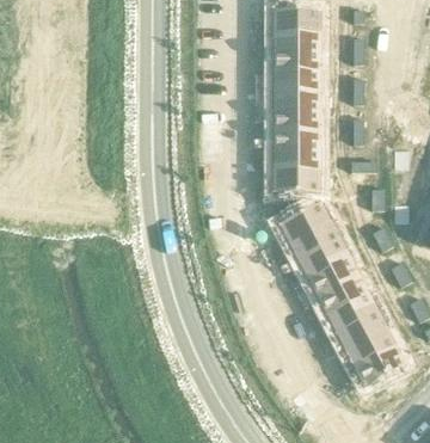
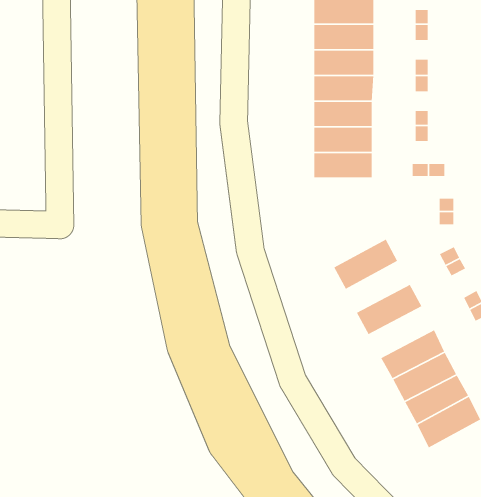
building: [265,159,312,179] -> none
building: [270,187,322,229] -> none
building: [290,224,342,265] -> none
building: [308,260,361,301] -> none

